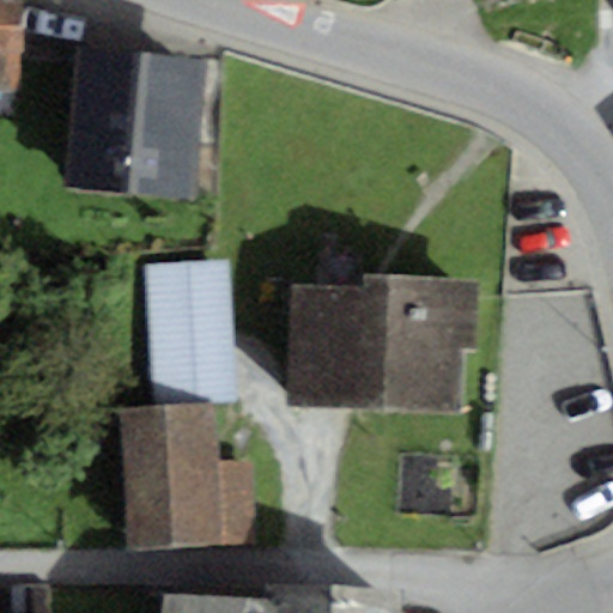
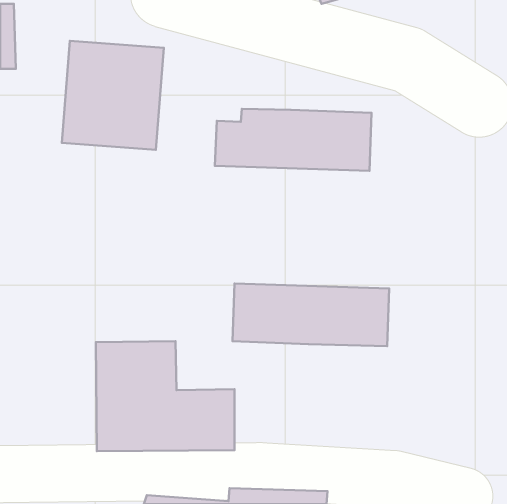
building: [157,265,239,401] -> none
building: [285,272,473,346] -> [215,109,372,171]

